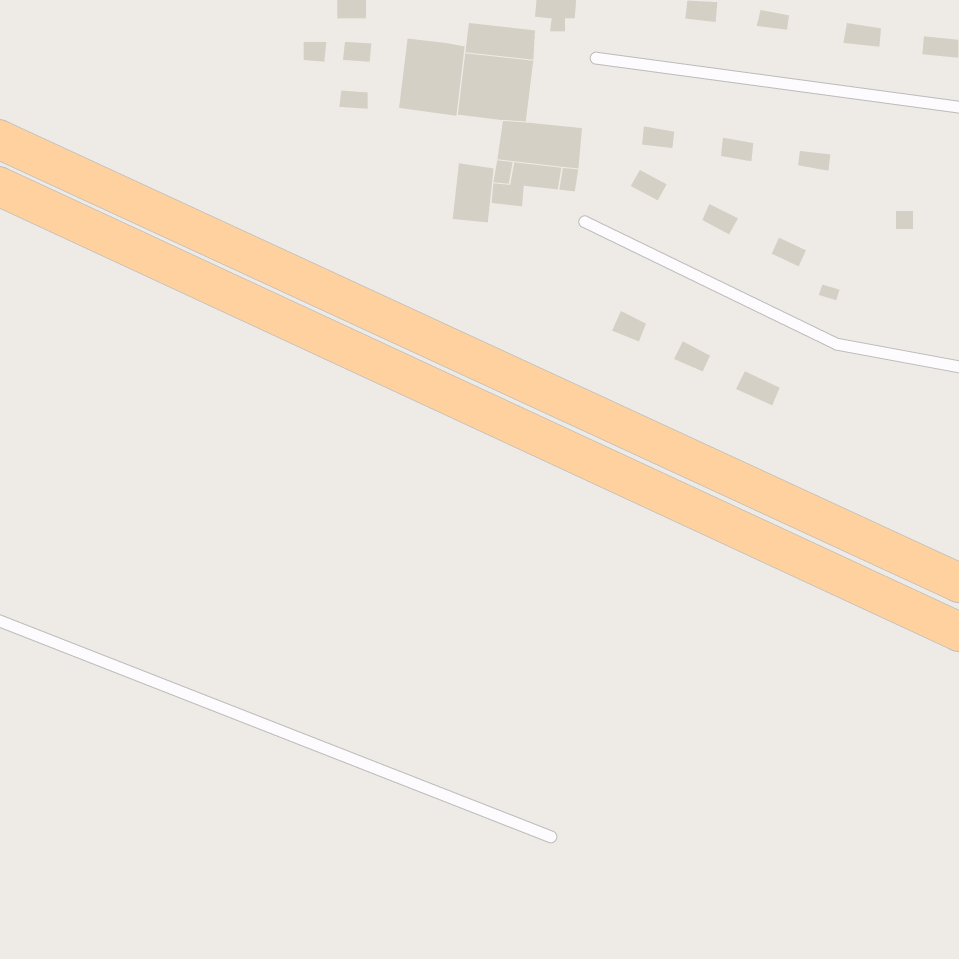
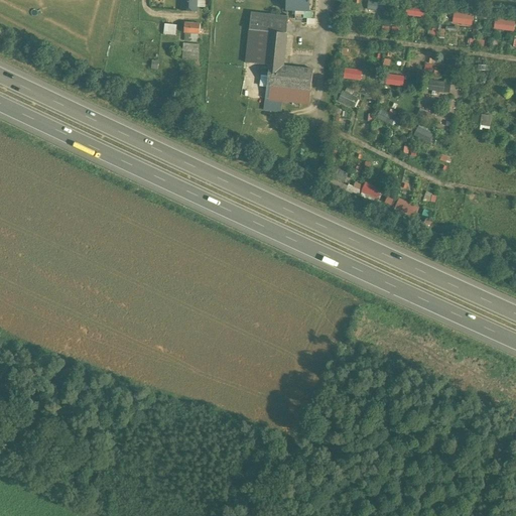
building: [399,38,465,117] -> none
building: [452,163,494,223] -> none

